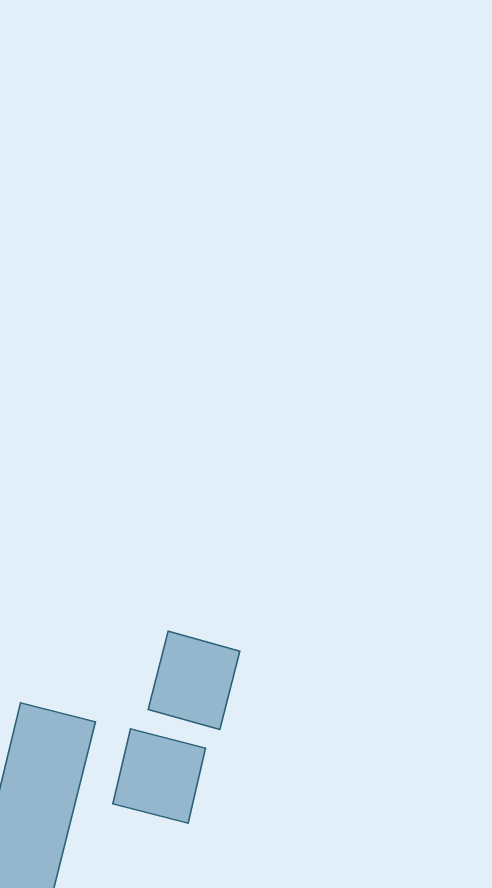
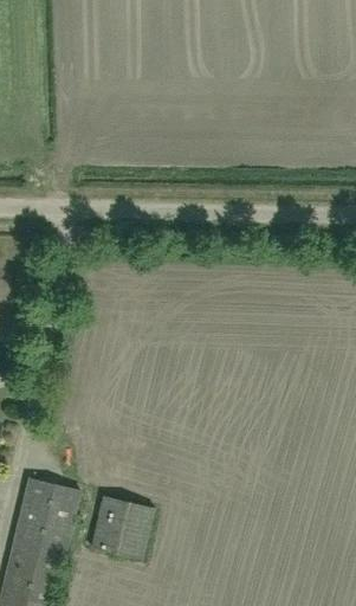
building: [148,631,240,730] -> none

